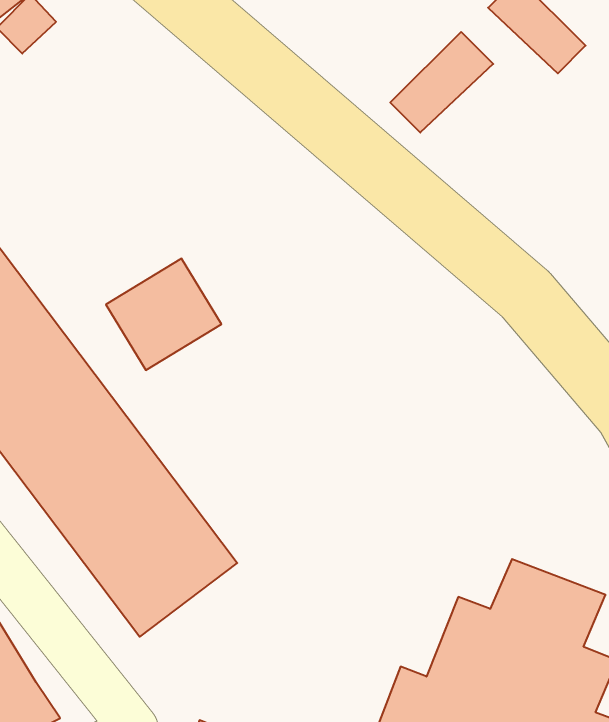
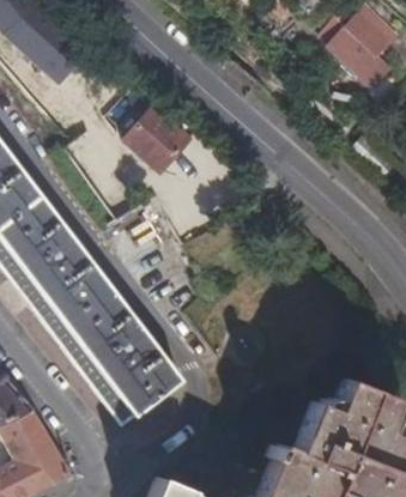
building: [390,32,493,133] -> none
building: none -> [125,108,189,171]

